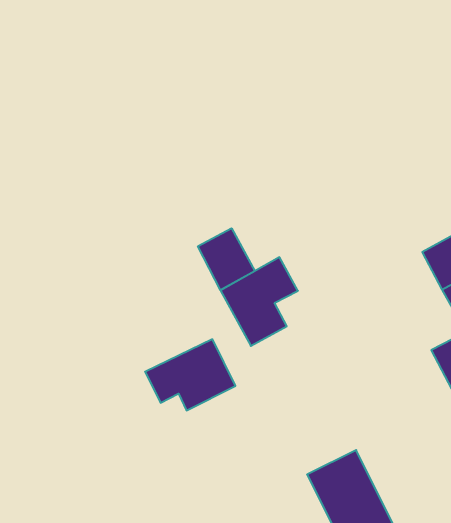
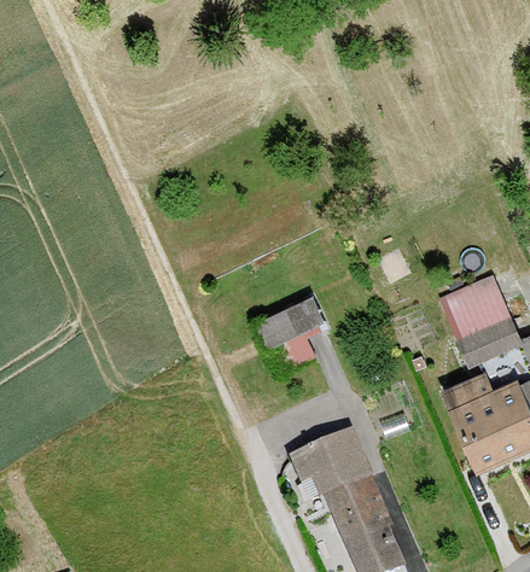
building: [198,228,255,290] -> none
building: [145,339,235,410] -> [289,431,369,494]

